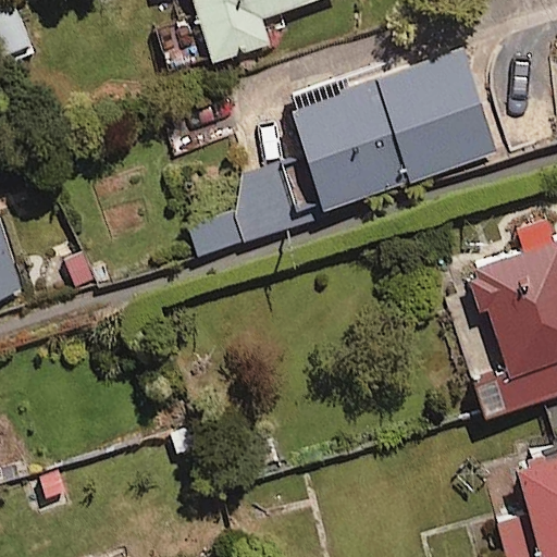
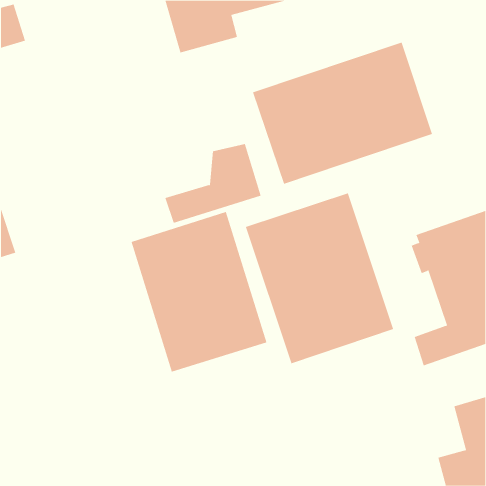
building: none -> [245,192,394,364]
building: none -> [131,211,267,372]

